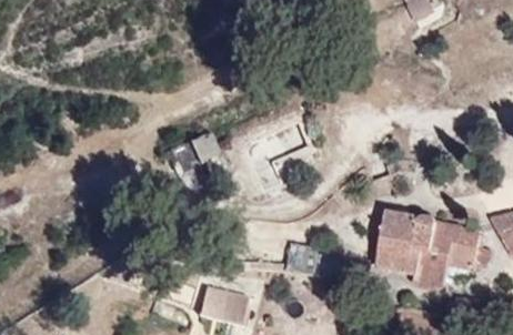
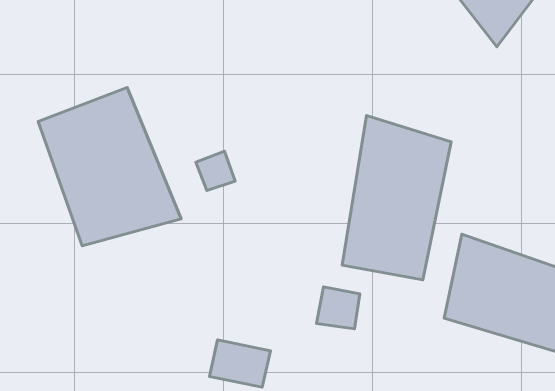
building: none -> [38,88,181,246]
building: none -> [342,116,451,280]

